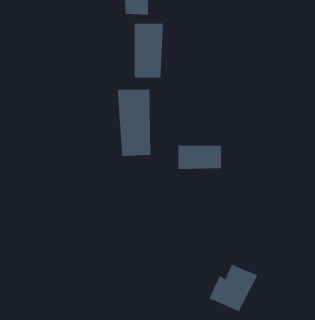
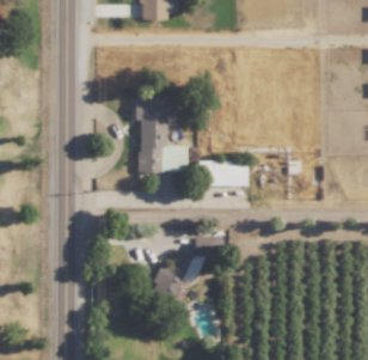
building: [134,23,164,79] -> none
building: [208,264,258,312] -> [151,252,204,304]

